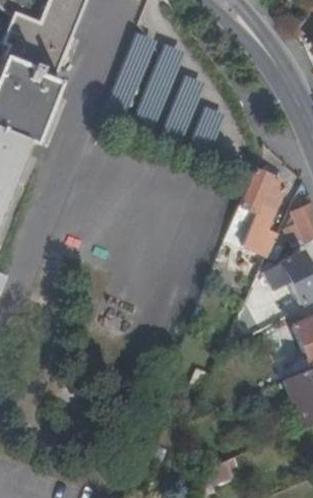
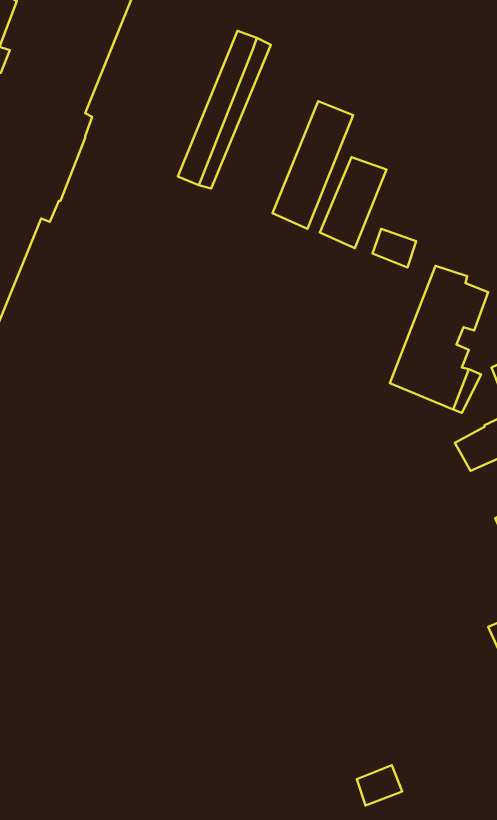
building: [137,45,192,138] -> none

